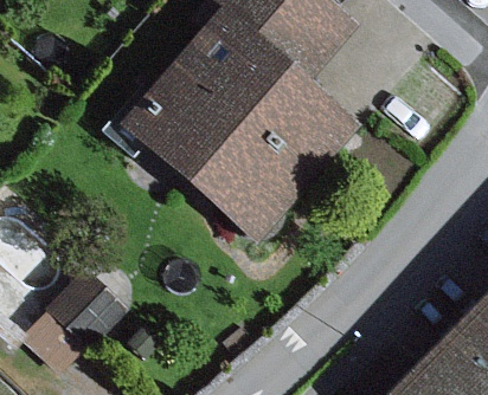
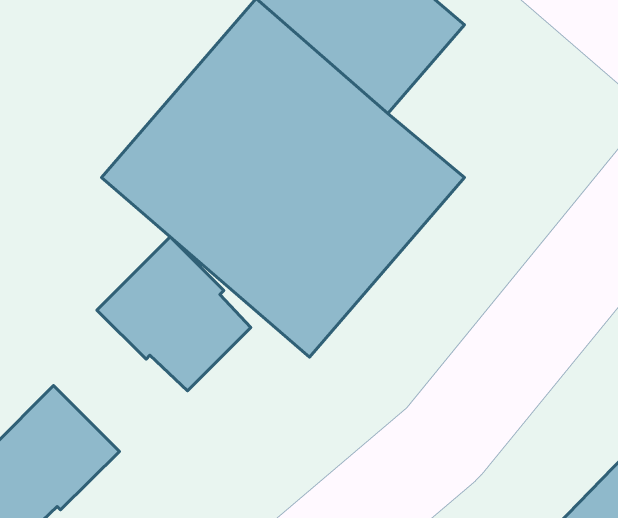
building: none -> [97,237,251,391]

